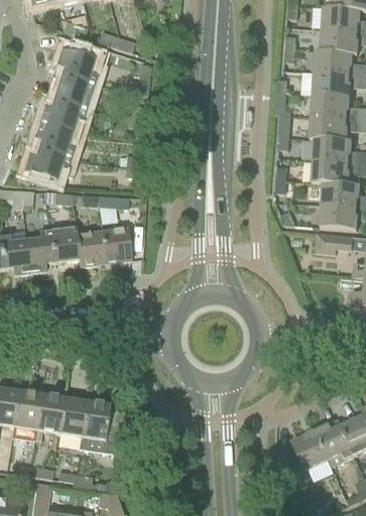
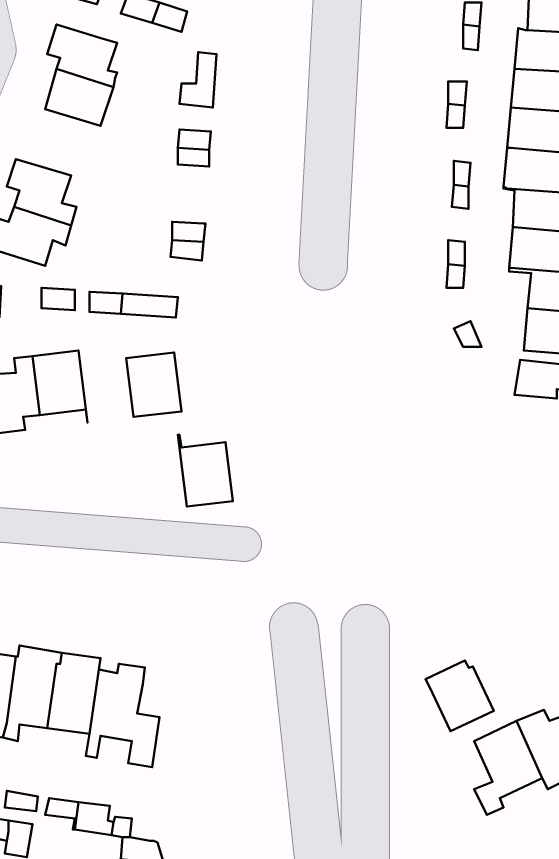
building: [40,94,87,130] -> none
building: [75,226,105,265] -> [178,435,233,507]
building: none -> [426,660,494,731]

